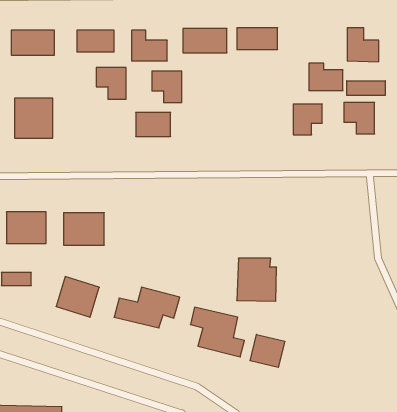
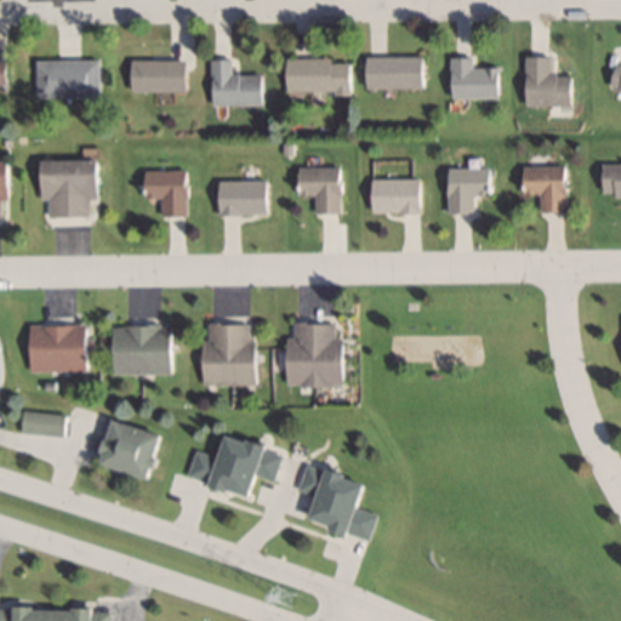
building: [309,63,343,91] -> [450,58,500,98]
building: [96,68,126,99] -> [142,171,186,217]
building: [152,71,182,103] -> [296,169,340,215]
building: [347,81,385,95] -> none
building: none -> [370,180,420,213]
building: none -> [200,324,253,386]
building: [237,258,277,301] -> [284,324,342,387]
building: [250,334,285,367] -> none

